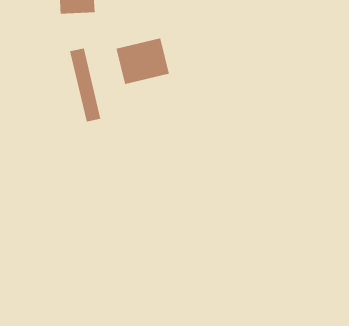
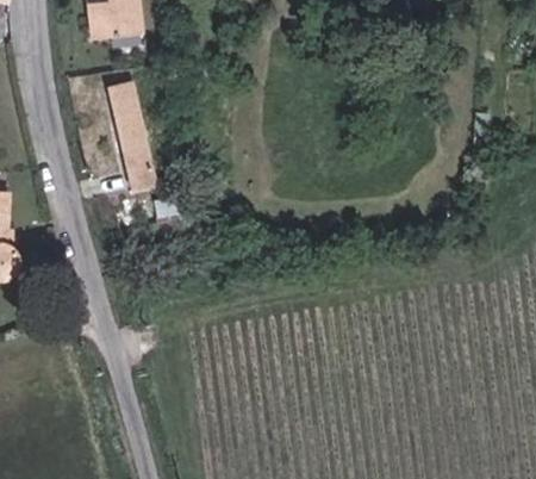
building: [116,38,169,85] -> none

